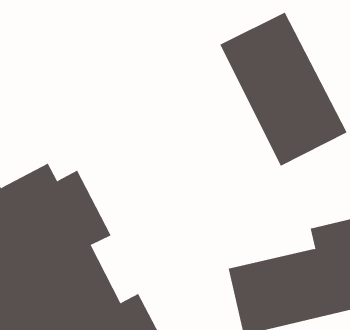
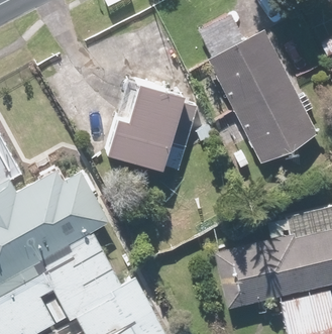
building: none -> [109,76,186,166]

